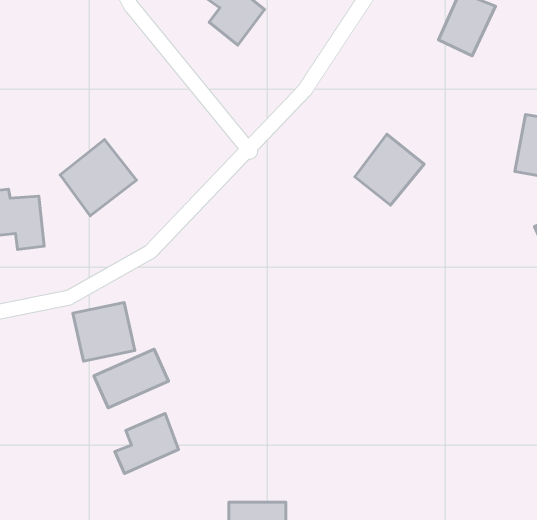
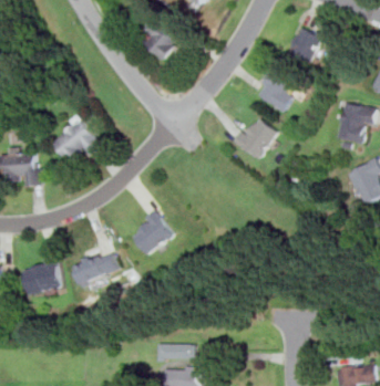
building: none -> [257,72,290,108]
building: none -> [129,212,173,255]
building: [73,303,135,361] -> [21,258,60,294]
building: [115,413,179,473] -> none

